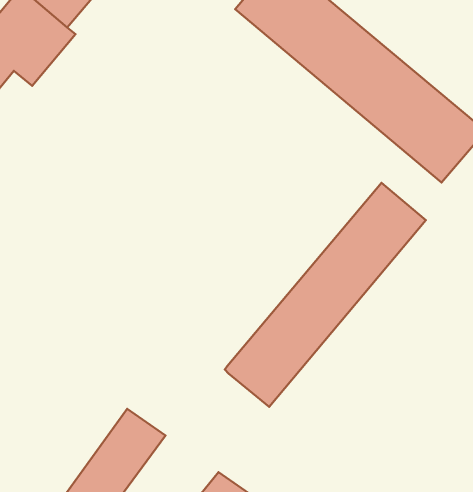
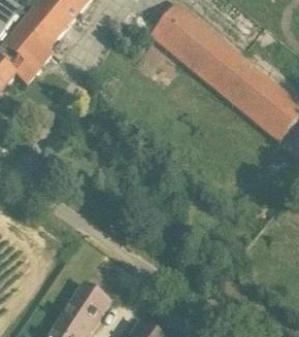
building: [225,183,426,407] -> none

